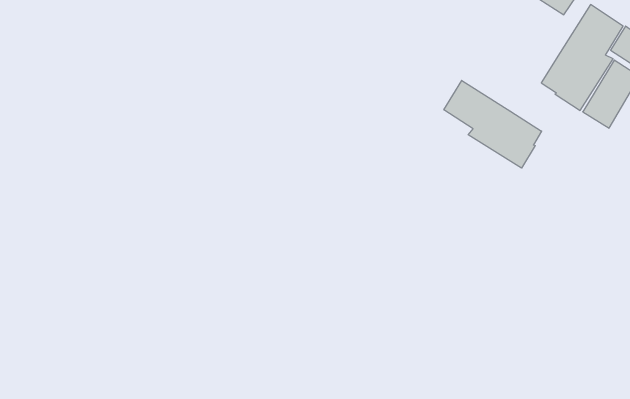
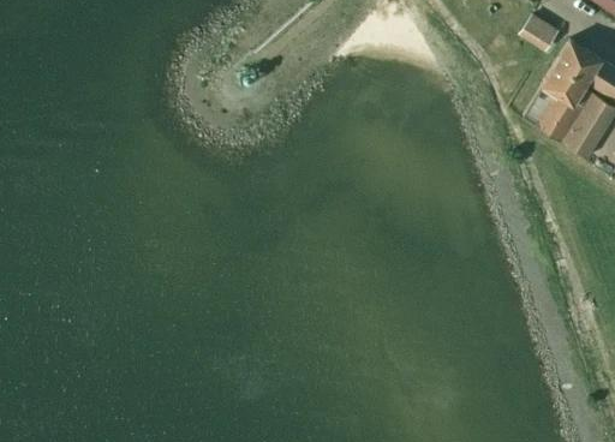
building: [444,80,542,168] -> none

